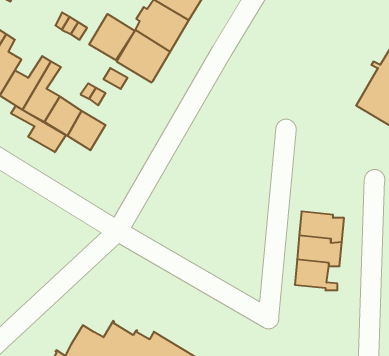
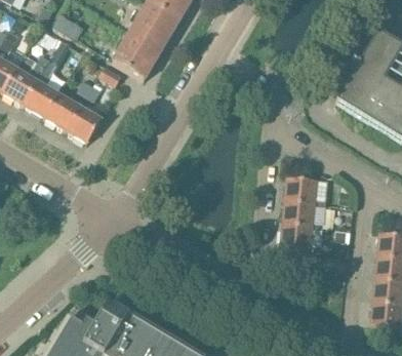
building: [89,14,135,60] -> none
building: [11,106,66,152] -> none
building: none -> [284,176,327,206]

